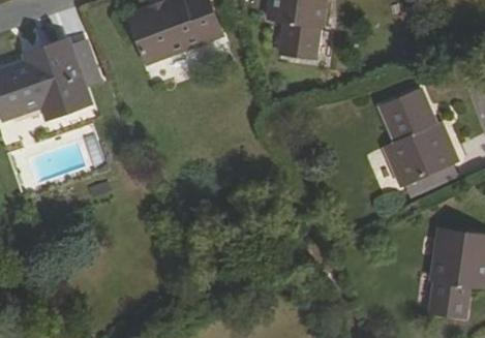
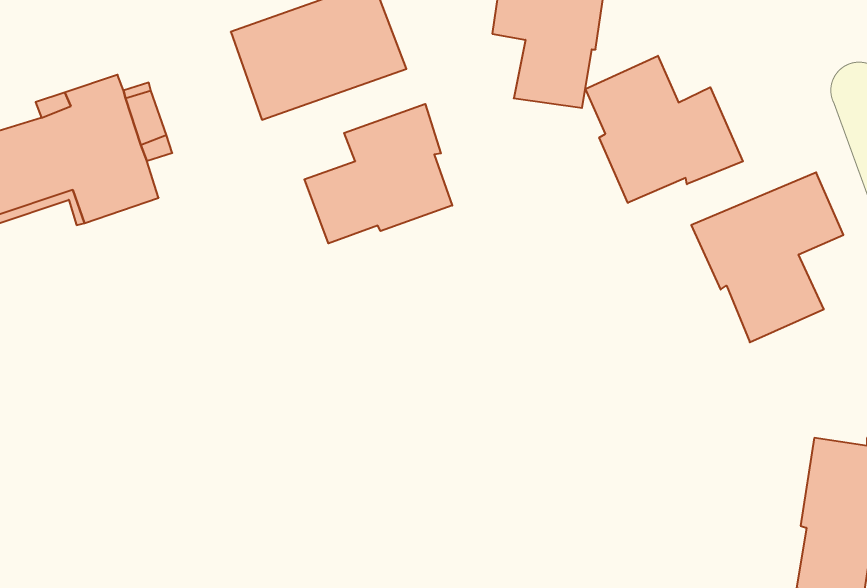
building: none -> [585,56,743,203]
building: none -> [304,104,452,243]

